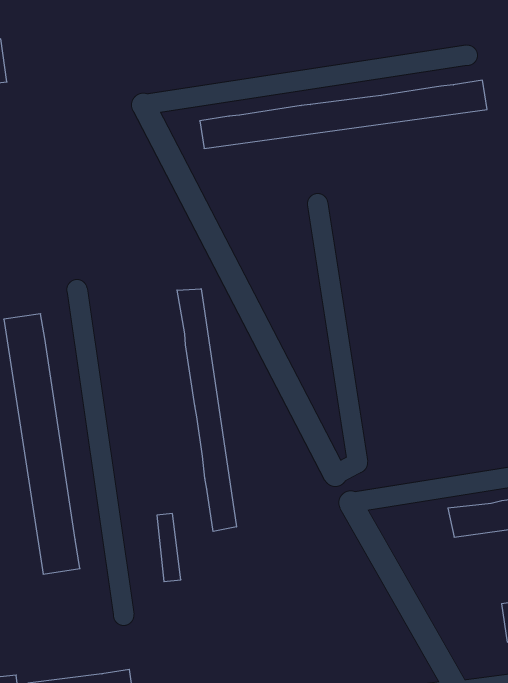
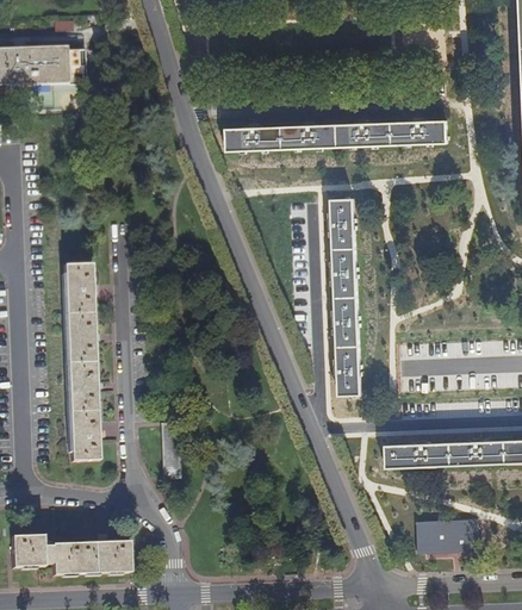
building: none -> [329,197,360,394]
building: [177,289,236,531] -> none

